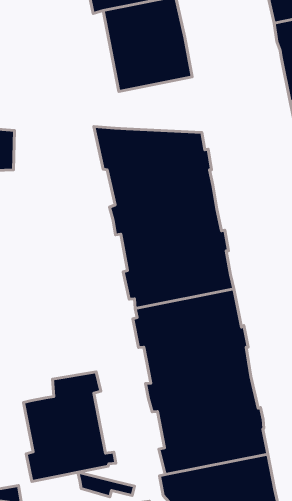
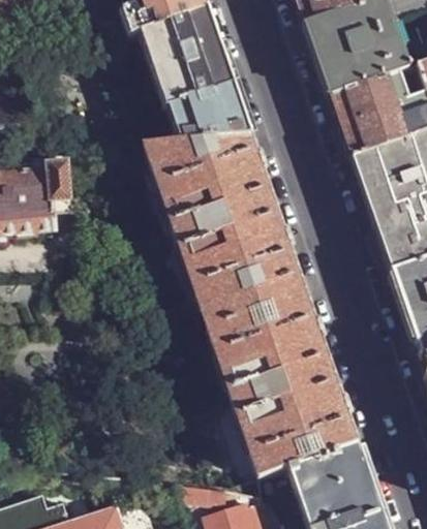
building: none -> [166,88,253,147]
building: [23,372,116,481] -> none

